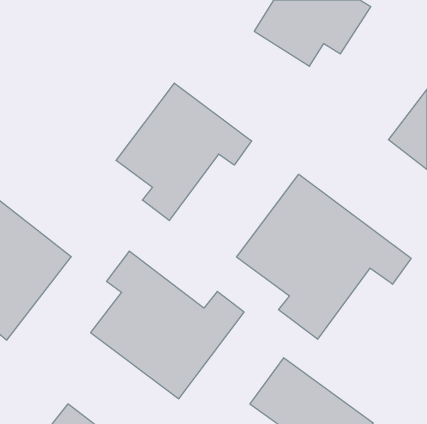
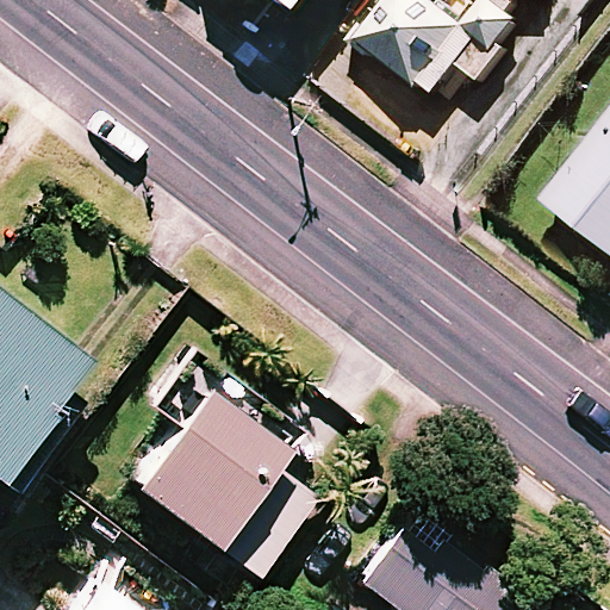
building: [116,83,252,221] -> none
building: [237,174,411,339] -> none

